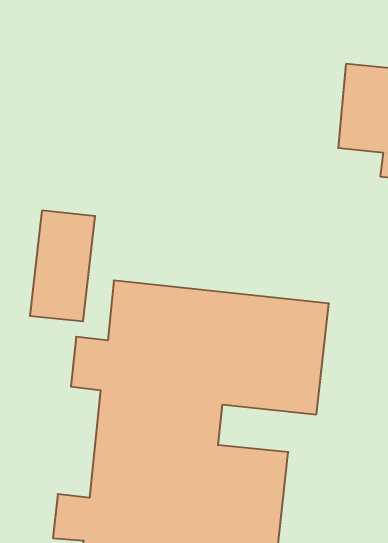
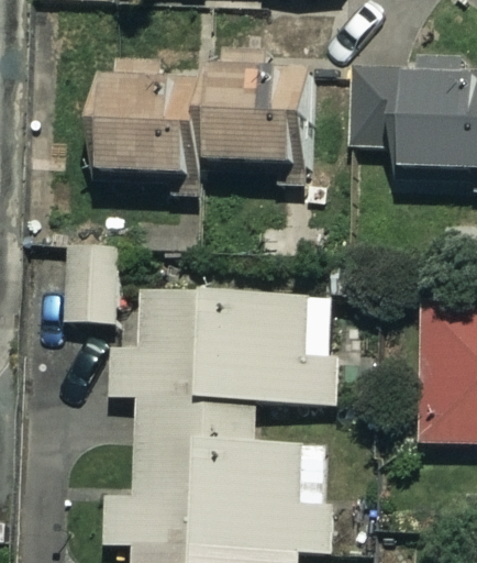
building: none -> [99,68,197,176]
building: none -> [218,68,299,176]

